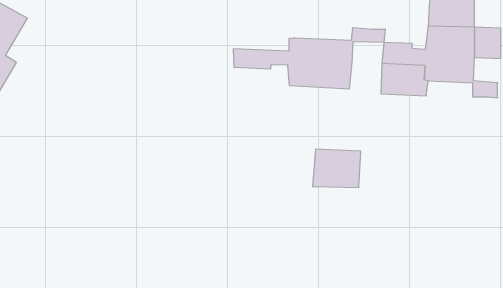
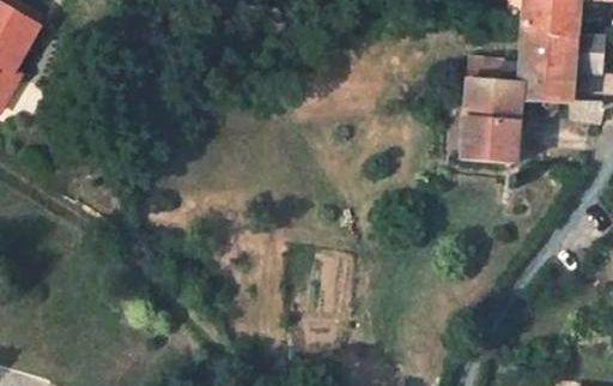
building: [234,28,385,89] -> none
building: [312,149,361,188] -> [460,115,517,161]

